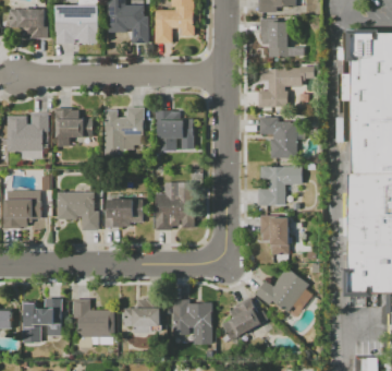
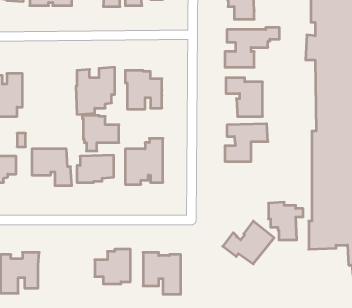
building: [53,109,91,146] -> [82,115,119,151]
building: [259,215,295,254] -> [268,202,303,240]
building: [221,298,267,340] -> none
building: [73,299,113,347] -> none

